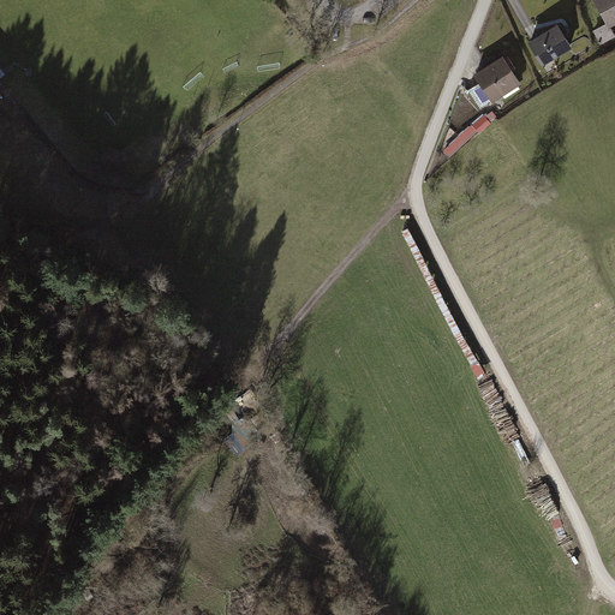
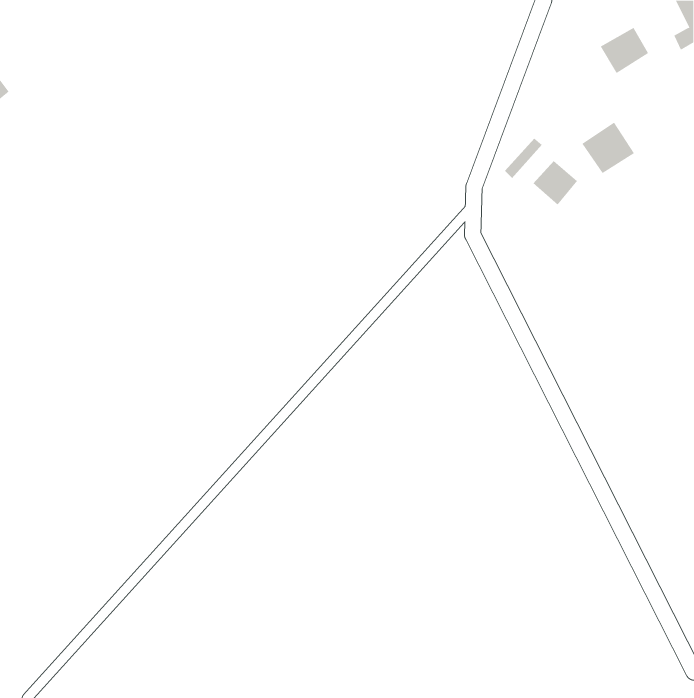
building: [473,55,520,101] -> [582,122,635,174]
building: none -> [532,160,578,206]

